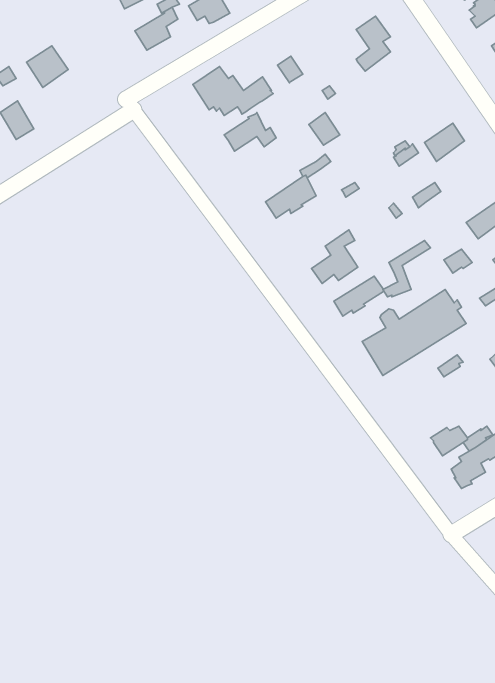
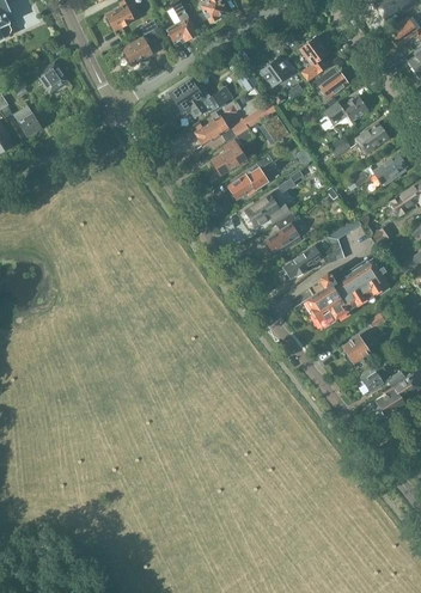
building: none -> [260,56,297,87]
building: none -> [313,67,349,98]
building: none -> [324,96,368,126]
building: none -> [209,128,252,177]
building: none -> [374,153,408,185]
building: none -> [244,192,292,228]
building: none -> [343,331,372,363]

